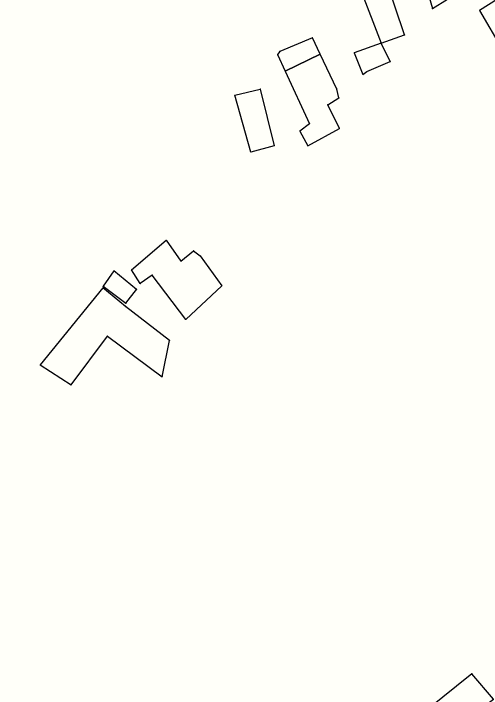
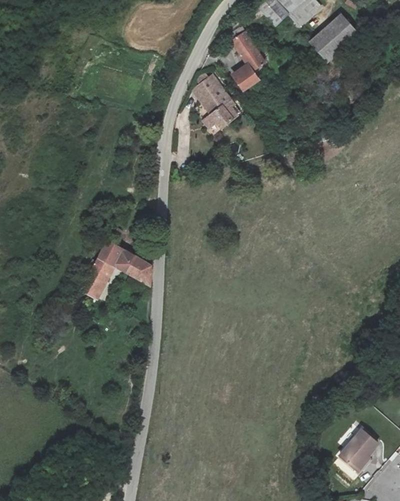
building: [235,89,274,152] -> none
building: [132,240,222,319] -> none

